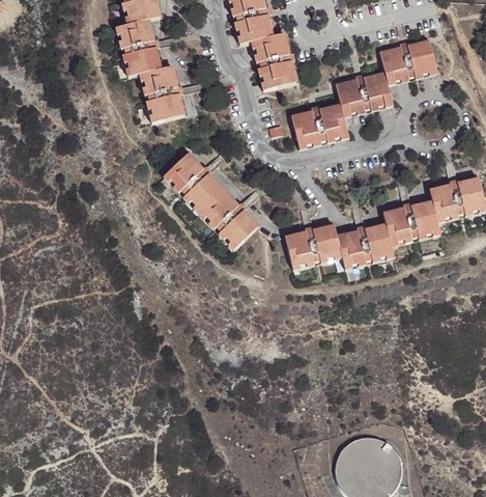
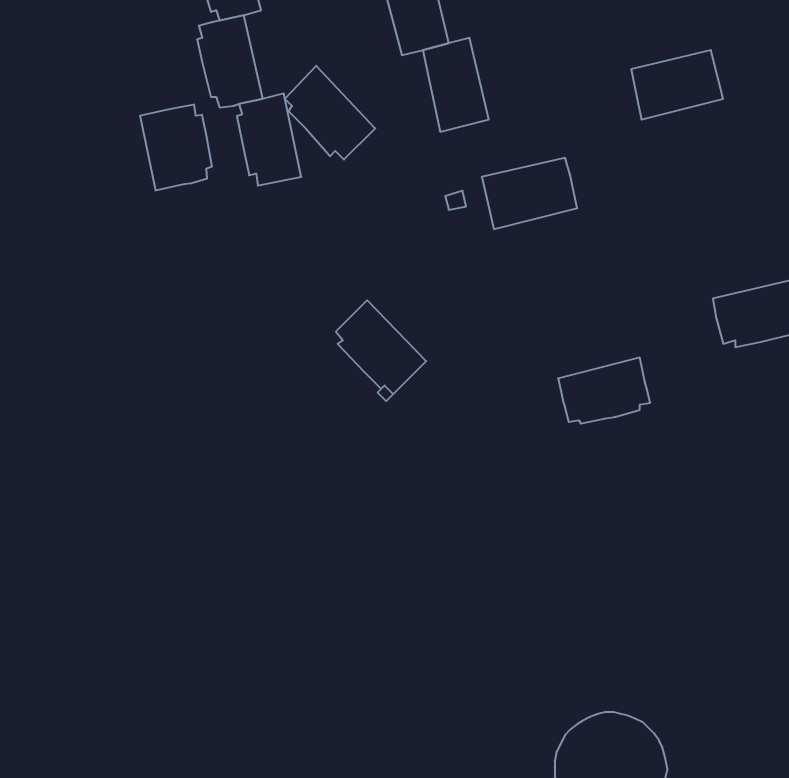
building: [337,73,393,115] -> none
building: none -> [140,104,212,191]
building: [169,153,223,209] -> [285,66,375,160]
building: [382,200,438,241] -> none
building: [285,225,340,265] -> none

